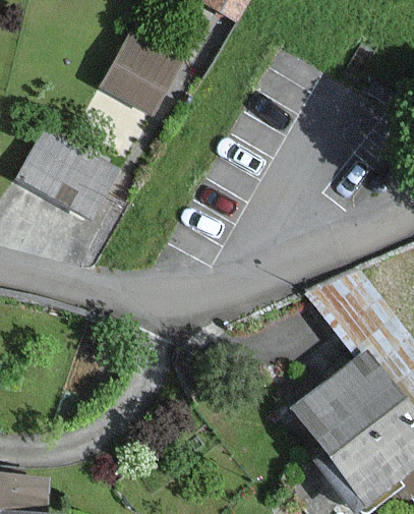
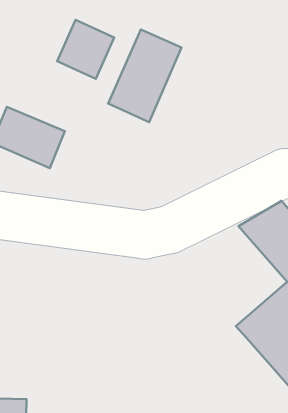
building: none -> [108,30,182,122]

